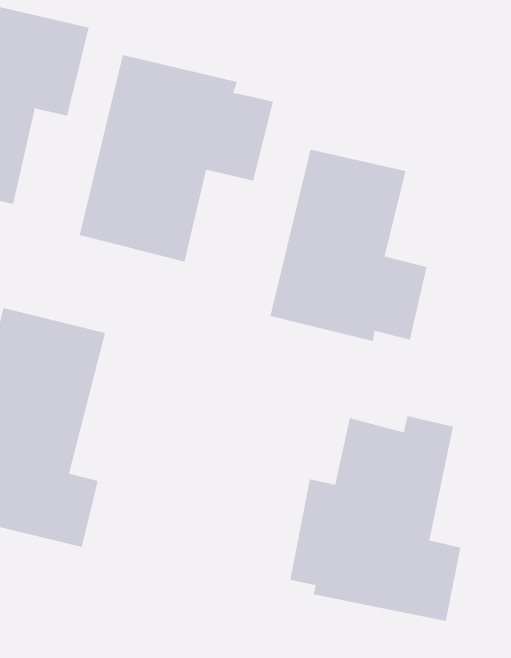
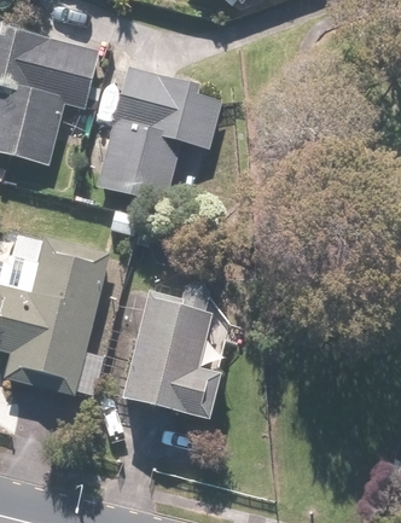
building: [270,149,427,342] -> none
building: [289,416,461,622] -> [100,287,215,425]

